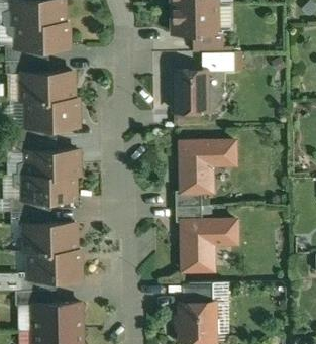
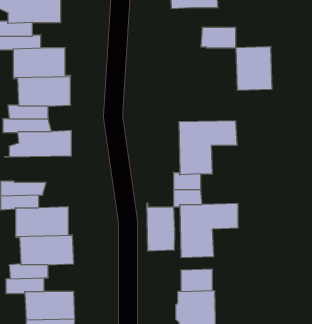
building: [192,31,223,51] -> none
building: [173,70,207,111] -> [236,47,272,90]
building: [14,174,78,199] -> none
building: none -> [147,203,174,251]

